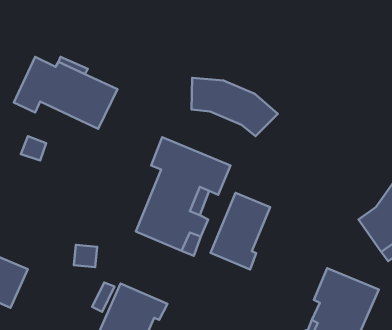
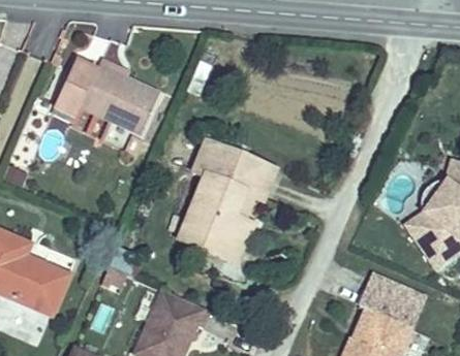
building: [192,78,278,136] -> none
building: [211,193,270,269] -> none

